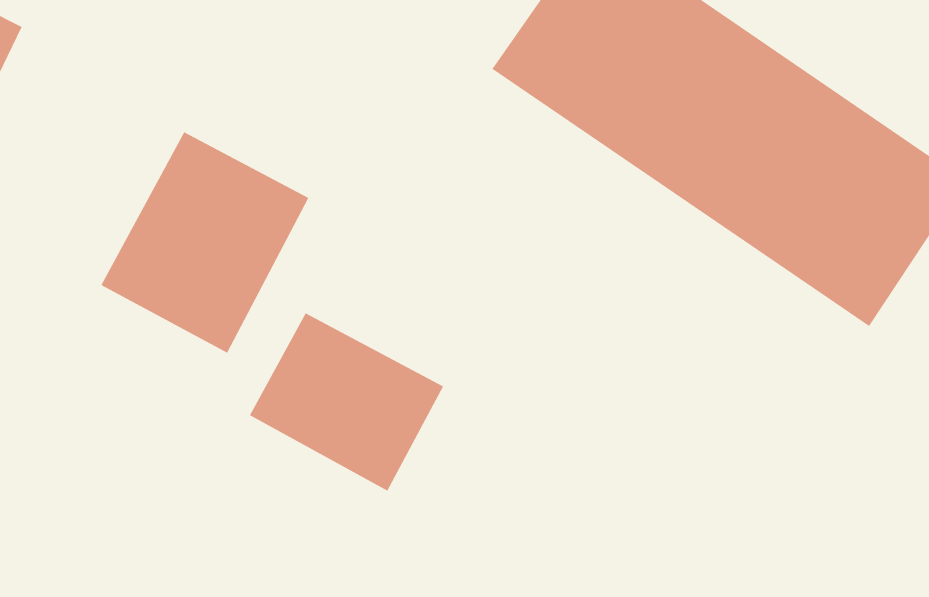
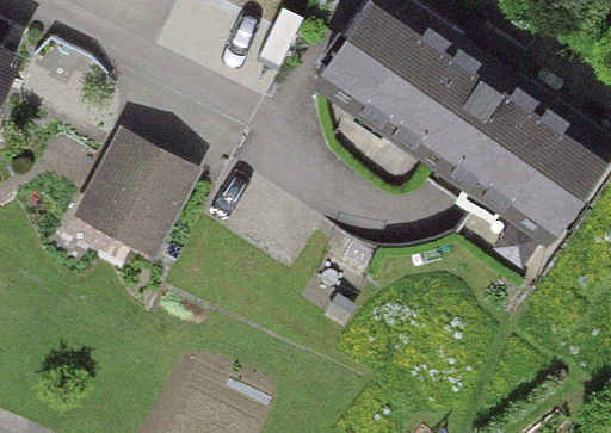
building: [249,313,444,491] -> none

